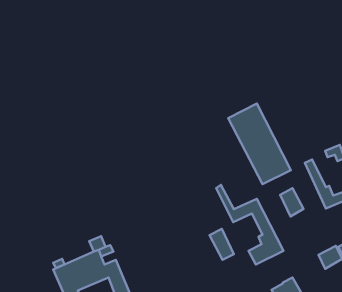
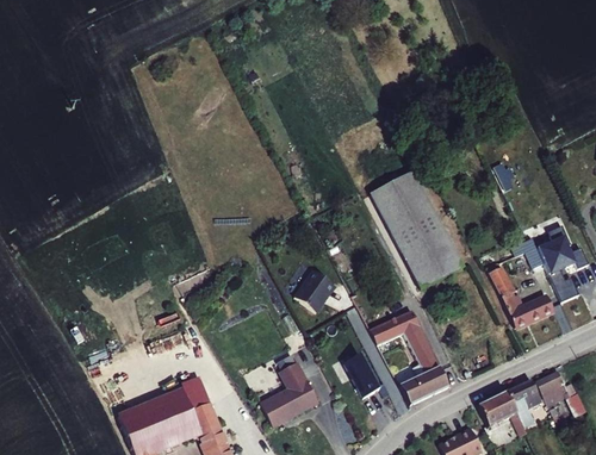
building: none -> [296,273,337,316]
building: [280,188,303,216] -> none
building: none -> [261,362,318,429]
building: none -> [477,394,527,441]

